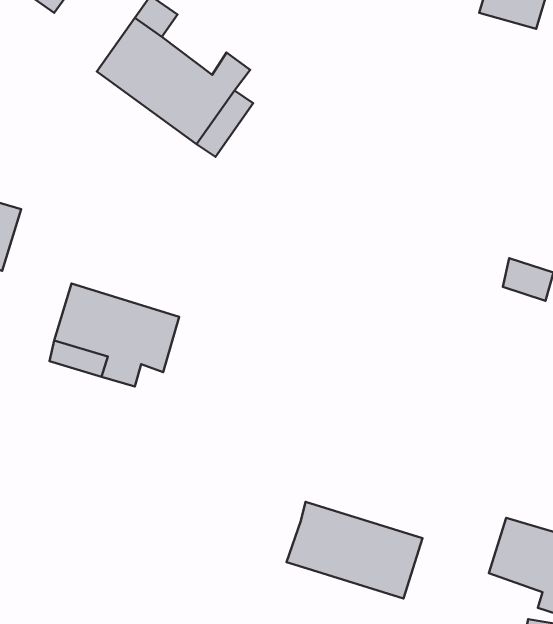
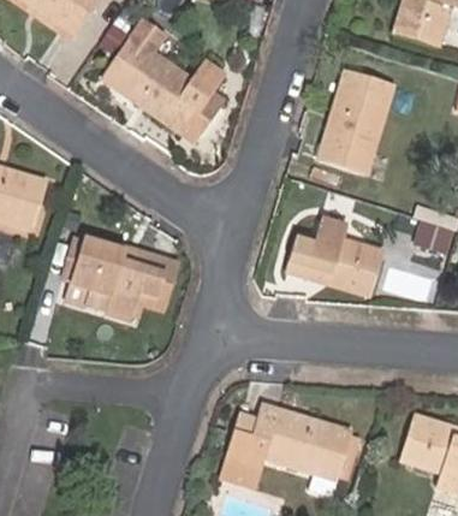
building: none -> [319,70,393,173]
building: none -> [287,218,383,296]
building: none -> [221,413,263,485]

